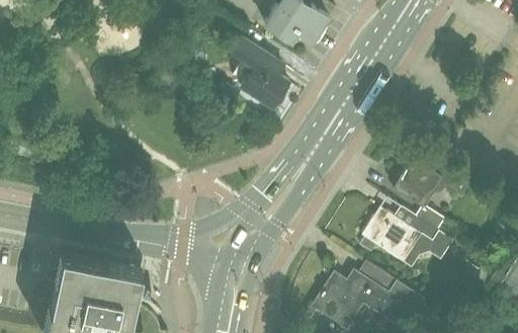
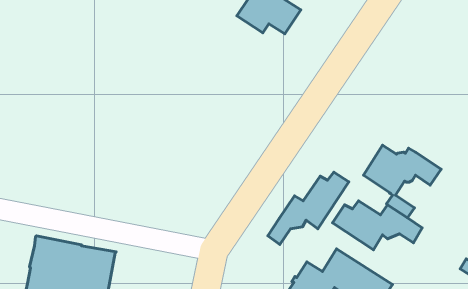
building: [231,37,287,105] -> none
building: none -> [268,172,349,245]

